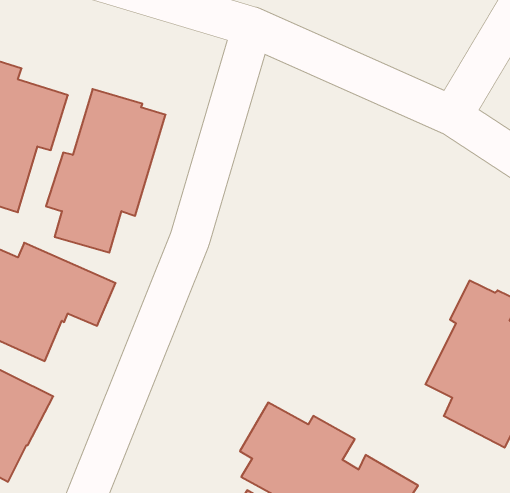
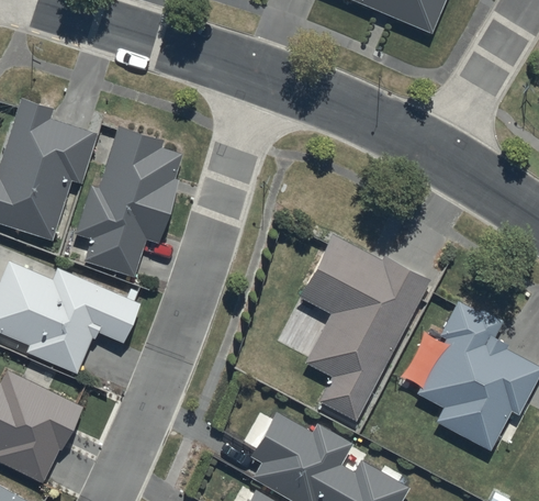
building: none -> [299,235,429,421]

